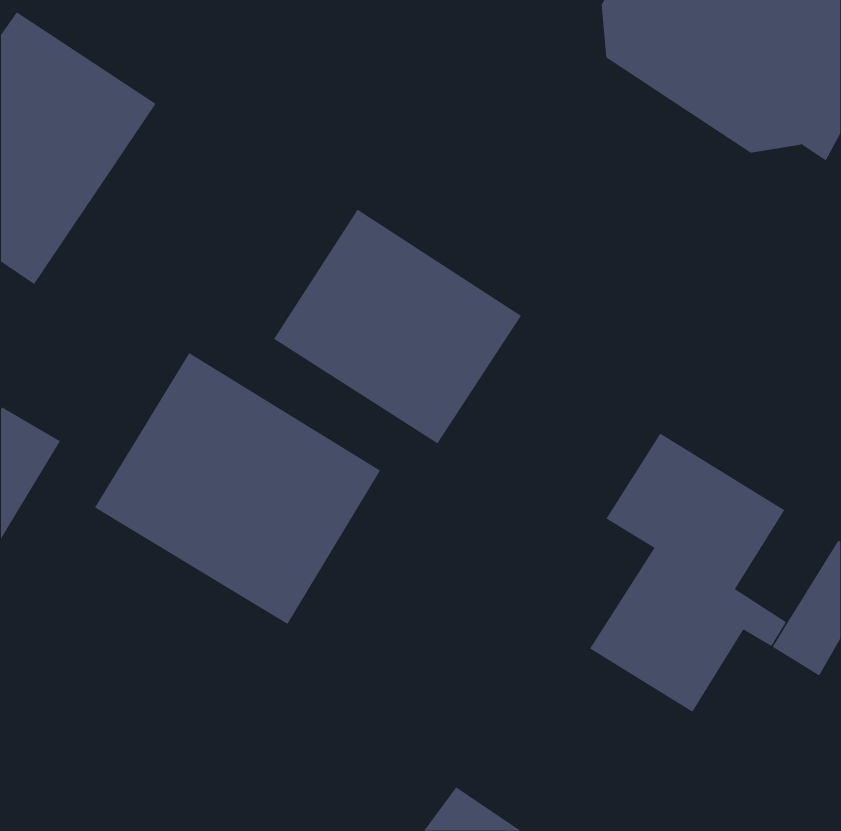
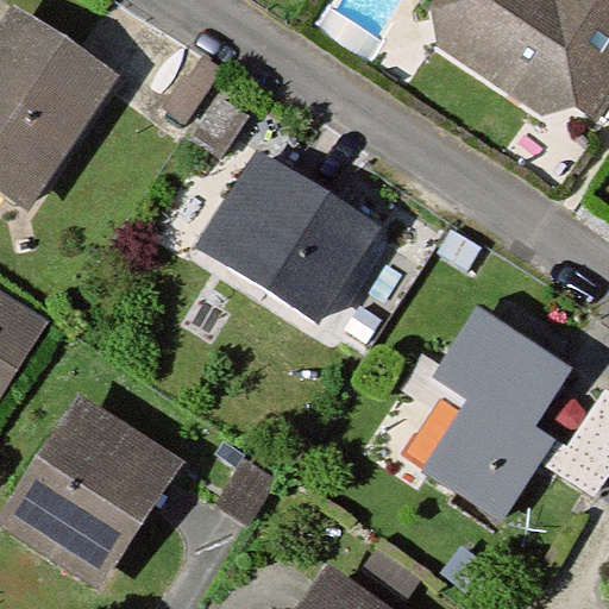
building: [94,352,381,625] -> none
building: none -> [12,400,178,585]

